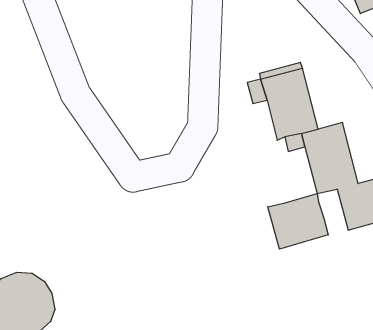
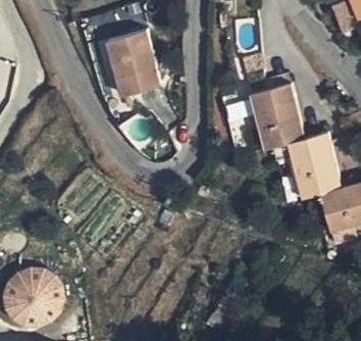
building: none -> [107,30,160,95]
building: [268,194,328,249] -> none

